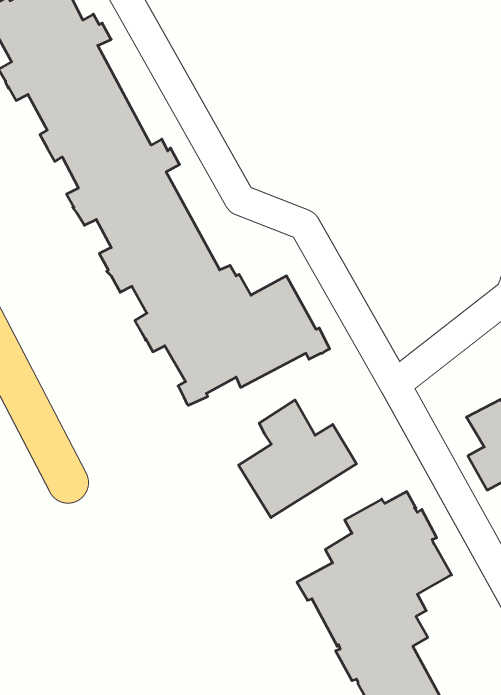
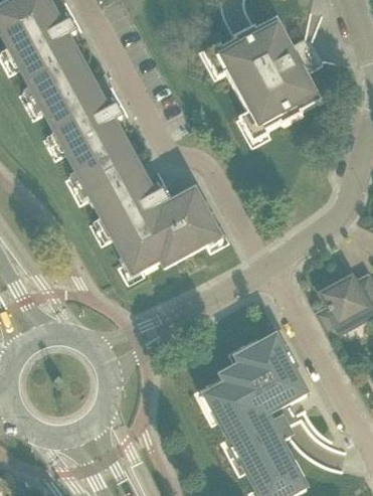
building: none -> [205,16,323,141]
building: [239,400,356,518] -> none

